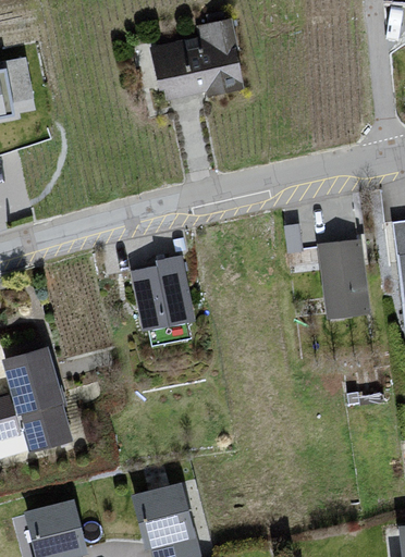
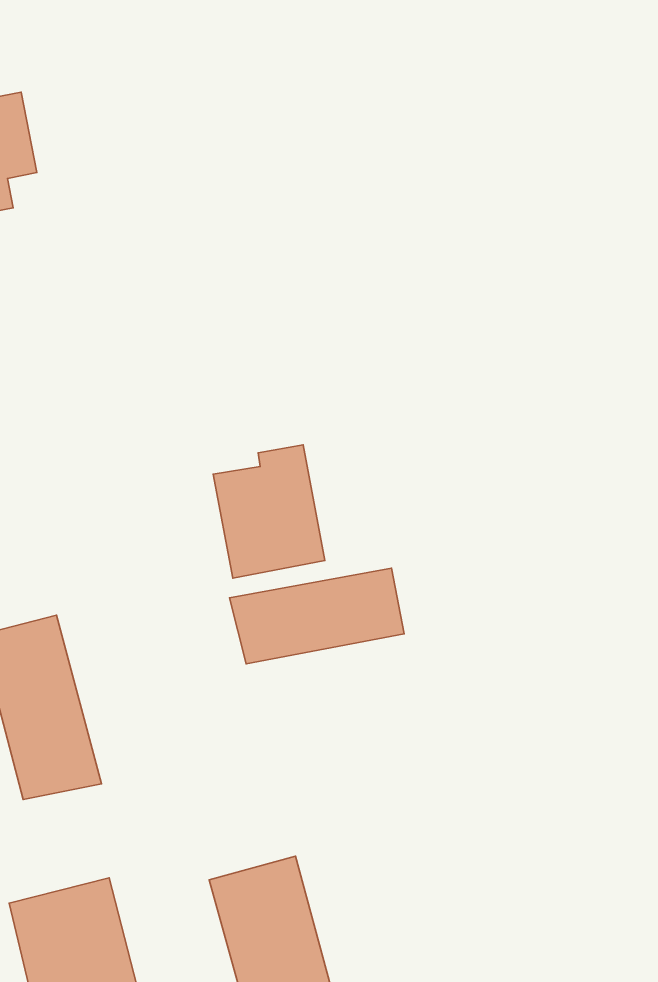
building: [151,18,245,102] -> none
building: [316,237,370,317] -> none
building: none -> [229,568,404,664]

